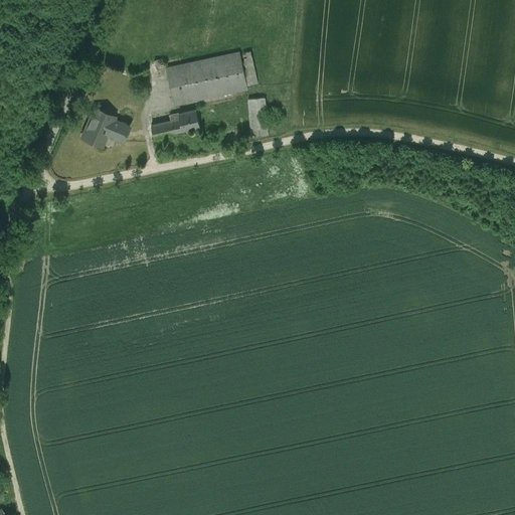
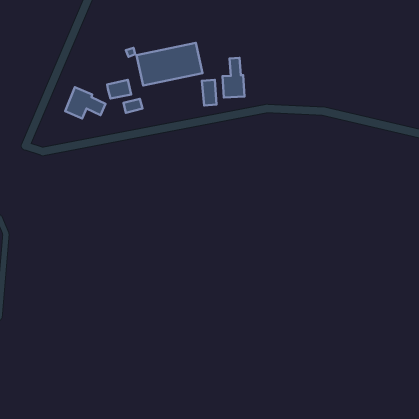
building: none -> [222,58,244,97]
building: [170,110,199,133] -> [107,80,131,99]

